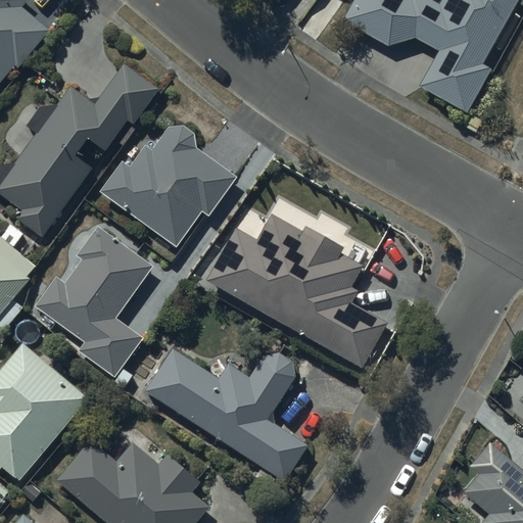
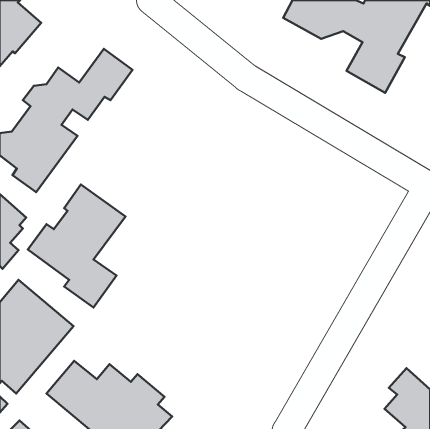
building: [99,123,237,245] -> none
building: [206,212,388,367] -> none
building: [145,349,307,480] -> none

